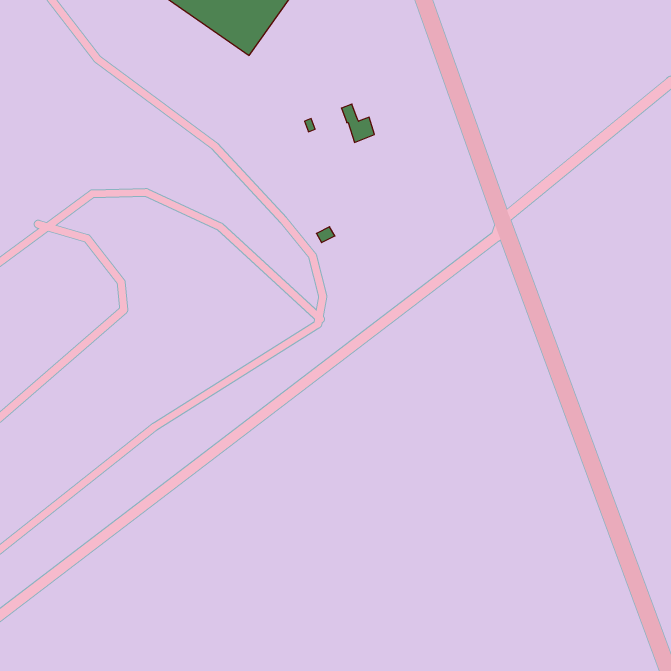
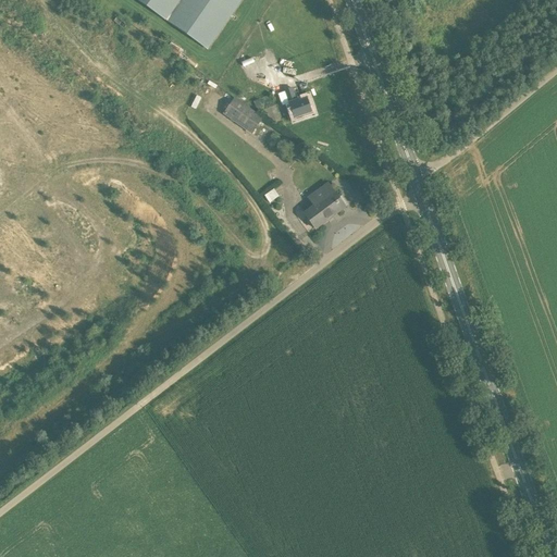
building: none -> [222,97,260,132]
building: none -> [302,182,341,227]

